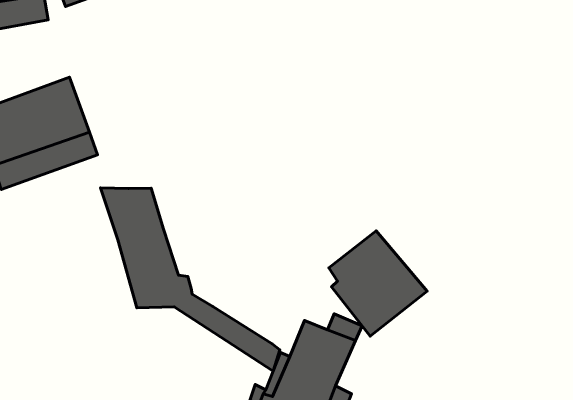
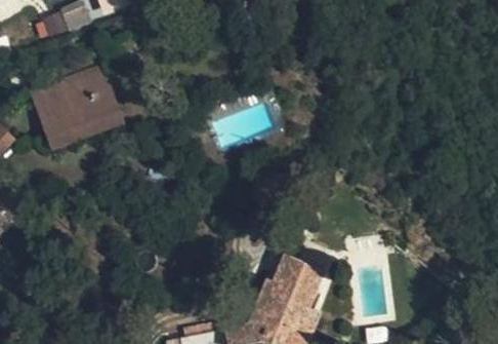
building: [101,188,280,371] -> none
building: [329,231,427,336] -> none

